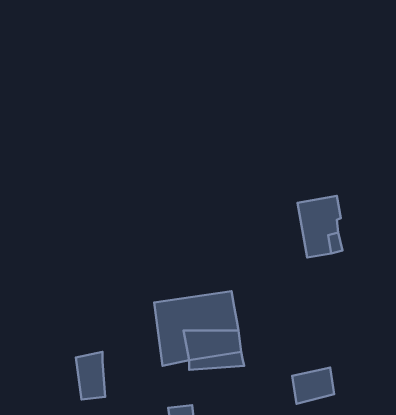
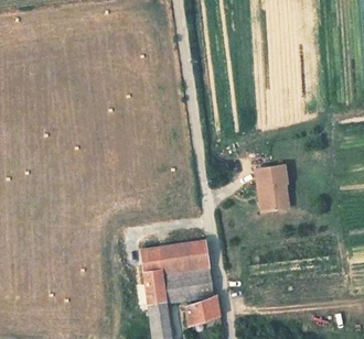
building: [76,352,105,400] -> [148,292,171,329]
building: [292,367,334,404] -> [186,296,220,325]

